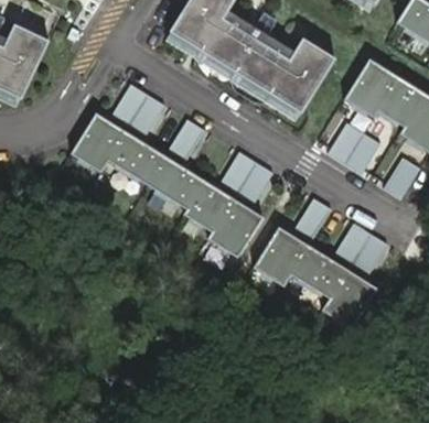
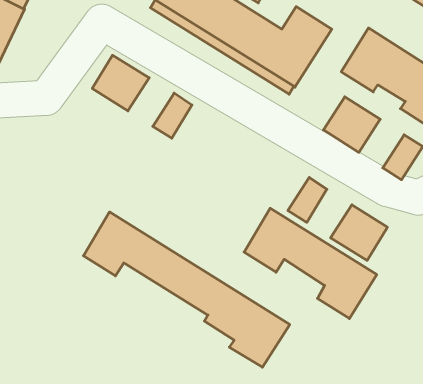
building: [72,112,264,257] -> [83,212,290,367]
building: [221,151,274,204] -> none

